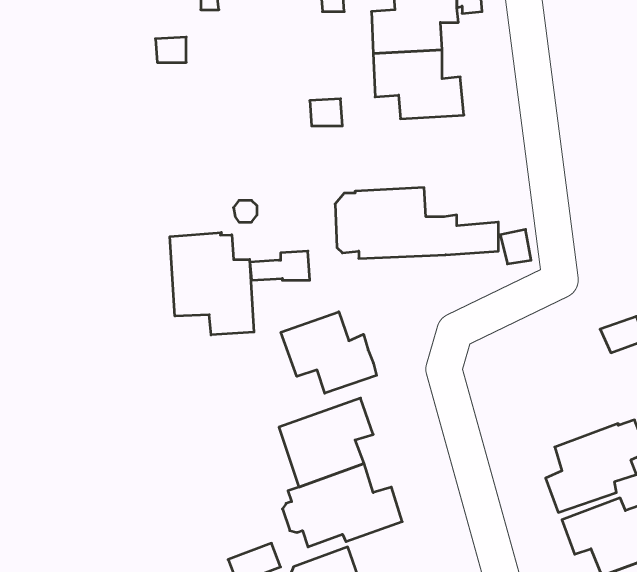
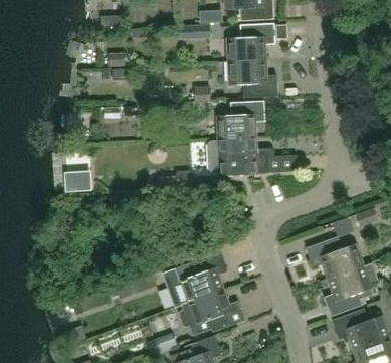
building: none -> [216,100,264,138]
building: [170,232,254,335] -> none
building: [281,312,377,393] -> none
building: none -> [306,235,363,280]

